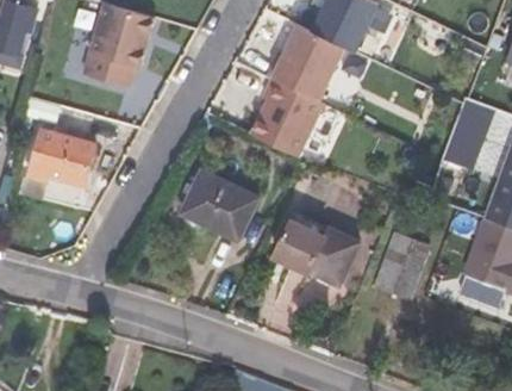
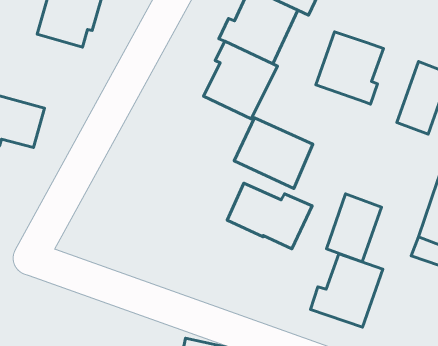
building: none -> [316,32,383,104]
building: [179,170,257,241] -> [234,118,313,188]
building: none -> [310,254,383,327]

